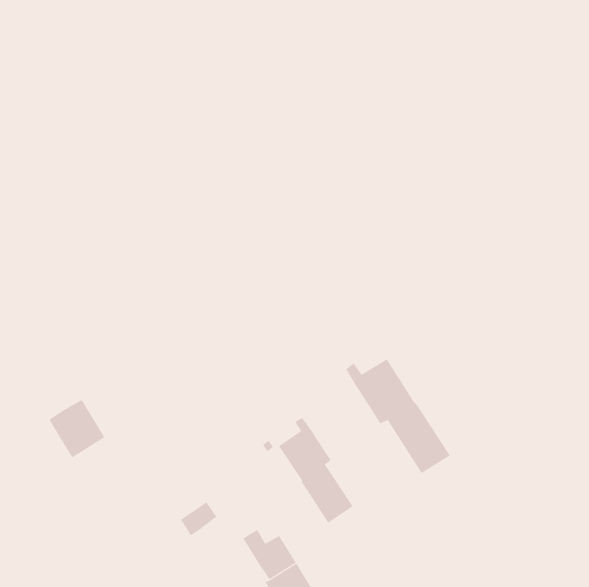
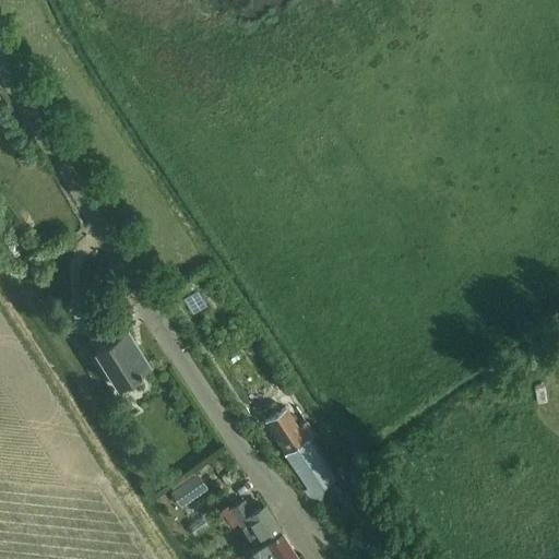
building: [346,359,451,474] -> none
building: [49,399,105,458] -> [96,335,150,391]

